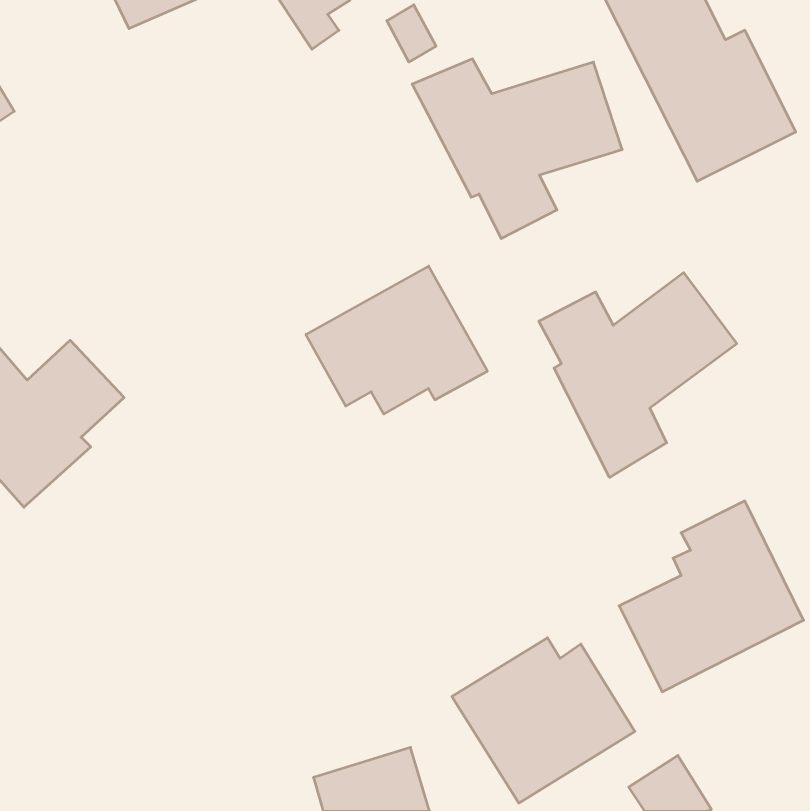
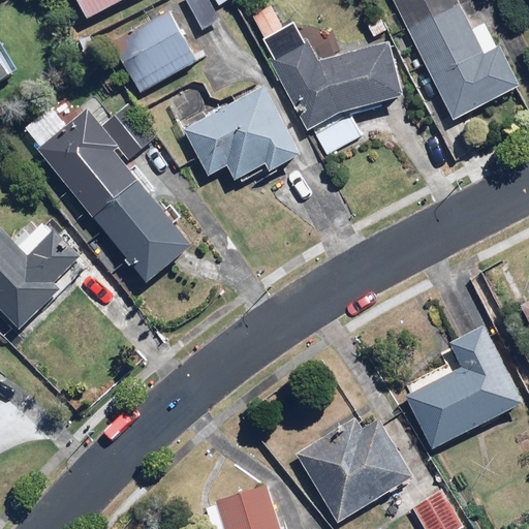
building: none -> [108,8,197,93]
building: none -> [36,99,191,282]
building: [306,266,487,414] -> [183,85,301,181]
building: [539,273,737,477] -> none

